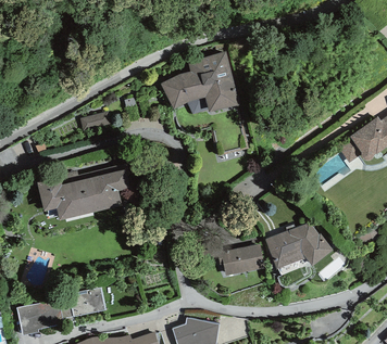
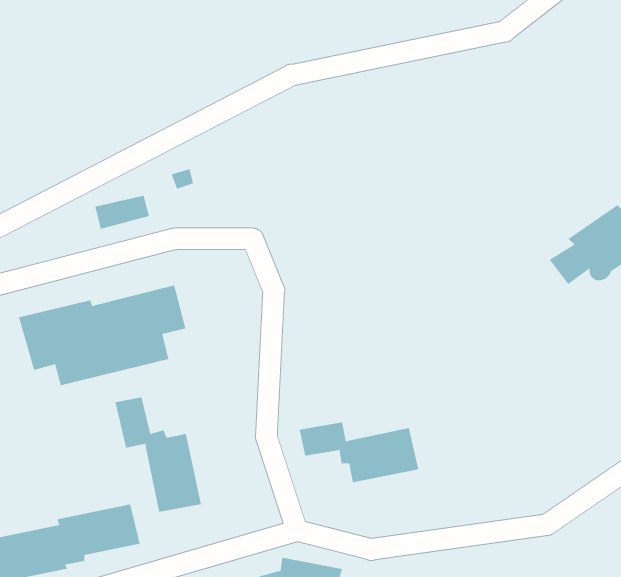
building: [161,51,240,114] -> none
building: [265,224,333,269] -> none
building: none -> [115,397,201,513]

